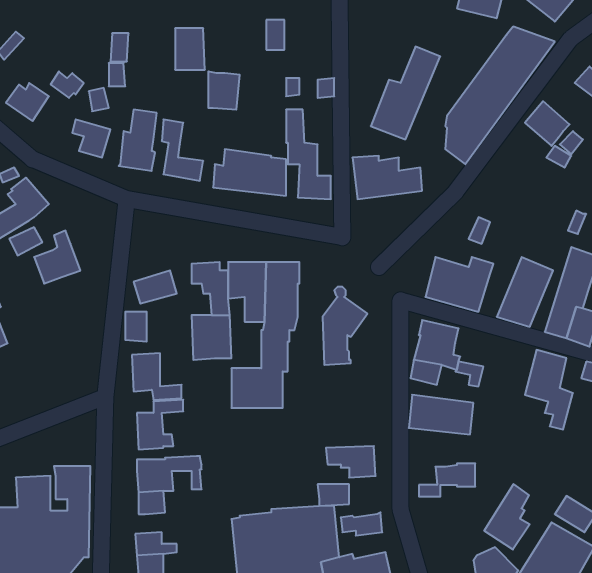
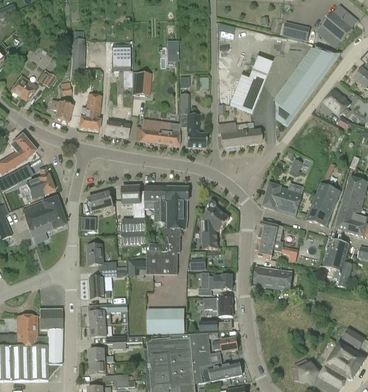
building: none -> [22,198,66,236]
building: [419,463,475,497] -> [198,275,232,295]
building: none -> [147,308,185,333]
building: [484,484,530,550] -> none

